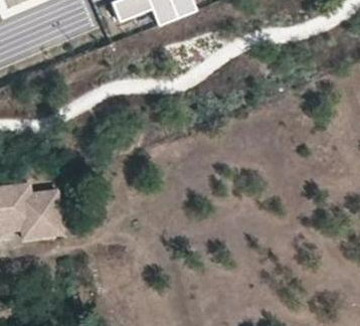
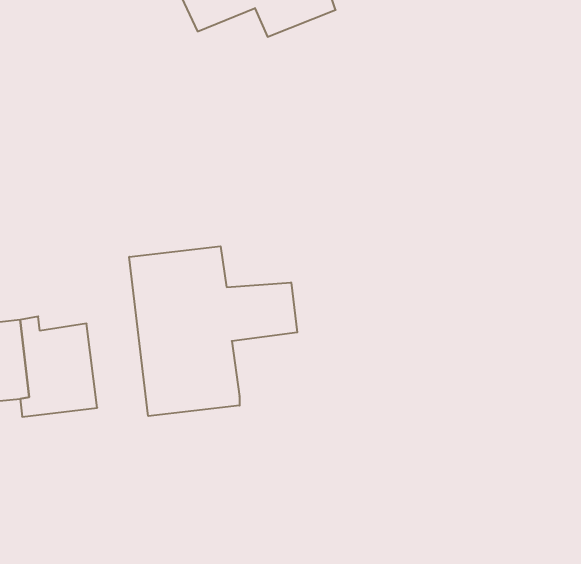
building: none -> [129,246,297,416]

